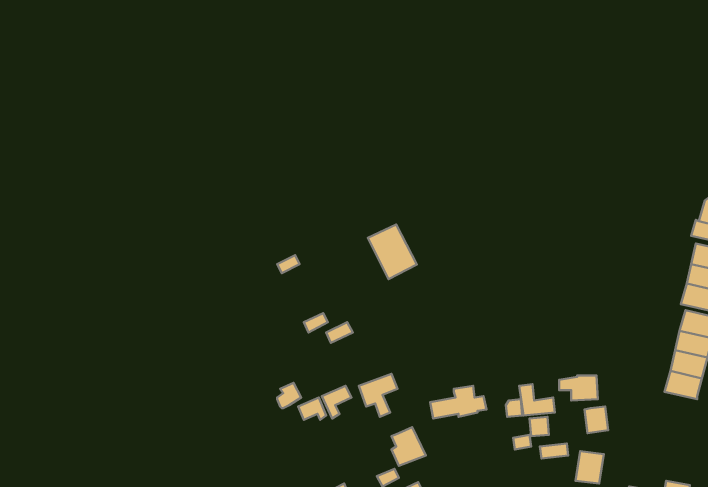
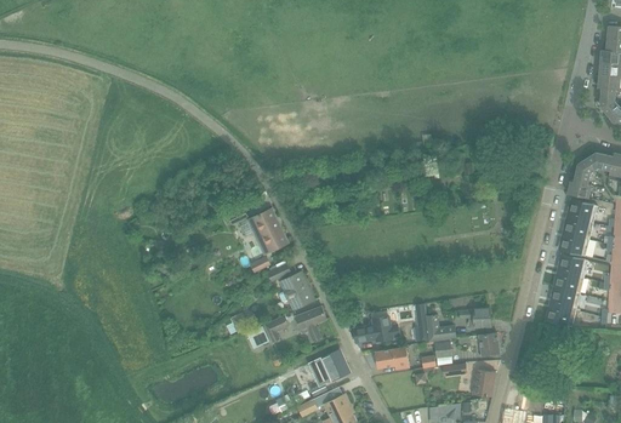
building: [368,224,417,279] -> [247,210,287,255]
building: none -> [279,271,314,310]
building: none -> [375,348,409,370]

